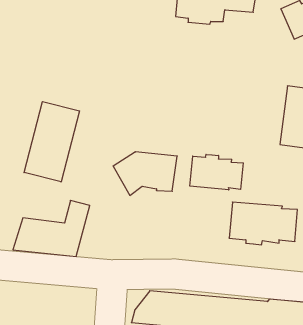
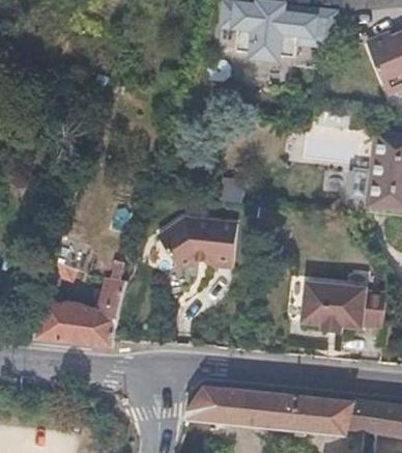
building: [24,102,80,182] -> none
building: [190,154,243,190] -> none

